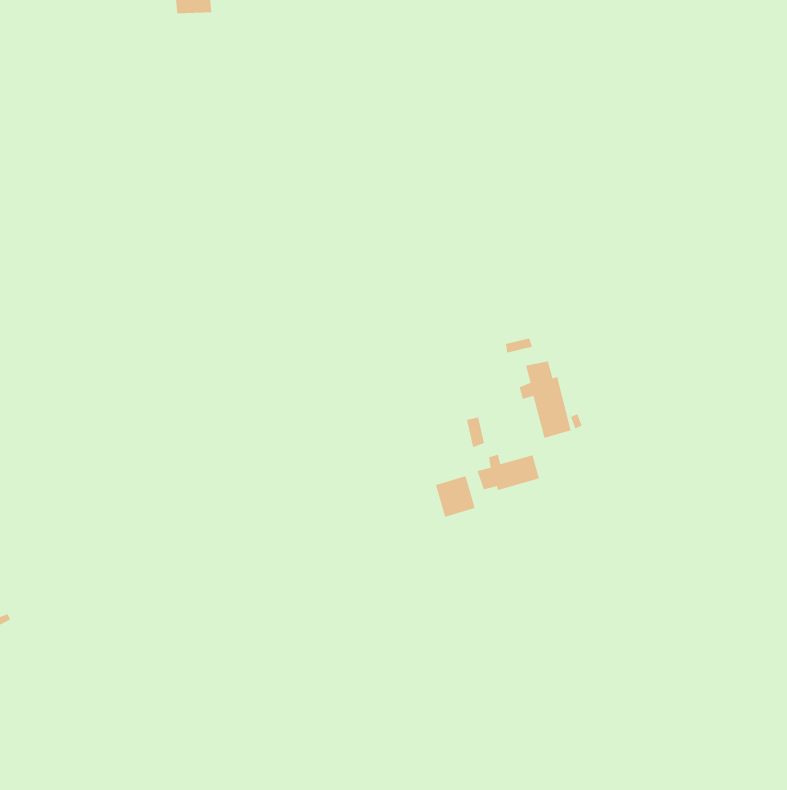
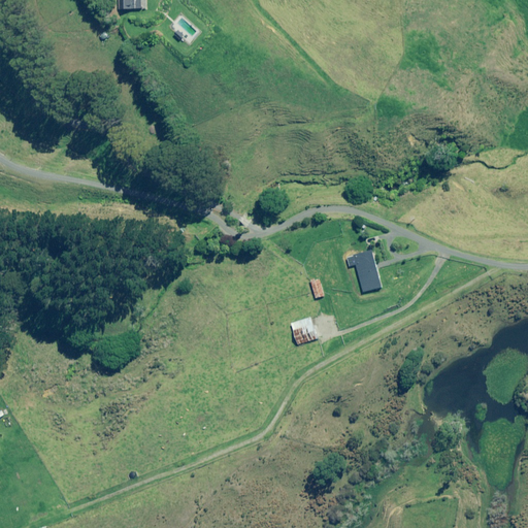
building: [477,454,540,491] -> none

